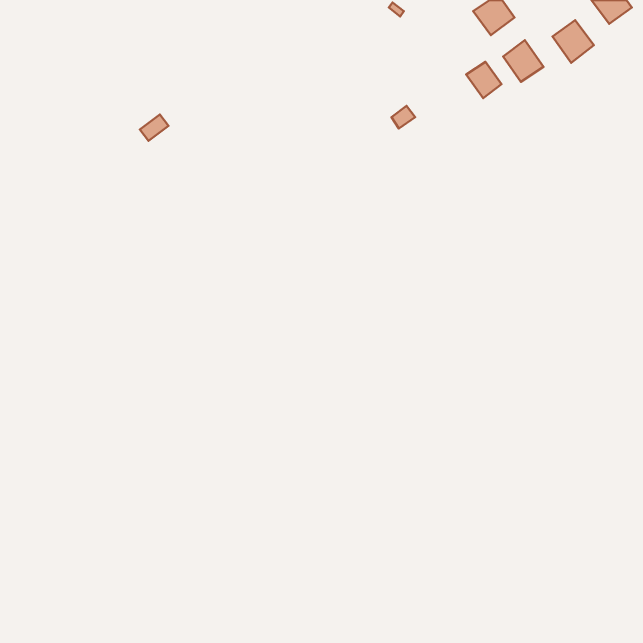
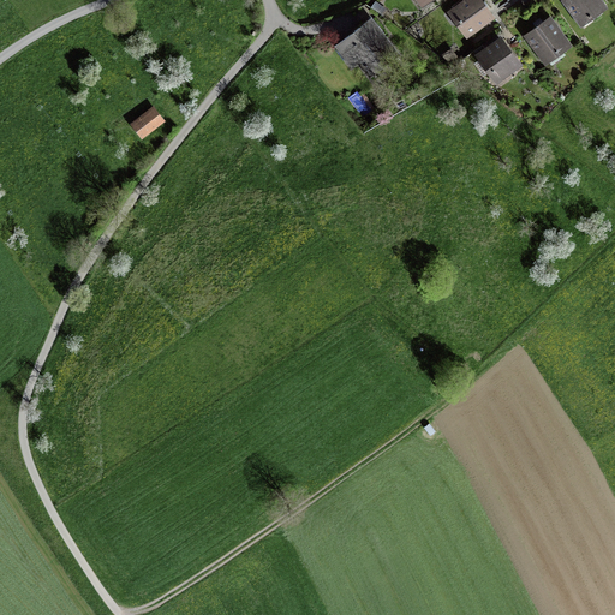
building: none -> [336,19,396,73]
building: [466,62,502,98] -> none

